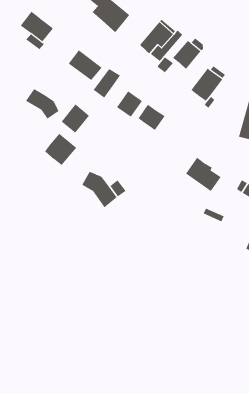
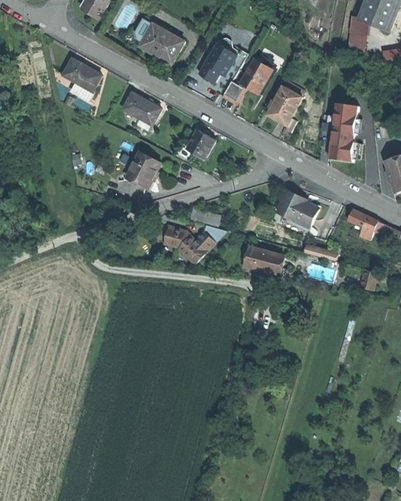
building: [93,68,121,98] -> none
building: [25,88,59,119] -> none
building: [138,104,165,131] -> none
building: [44,133,77,166] -> none
building: none -> [243,247,282,273]

